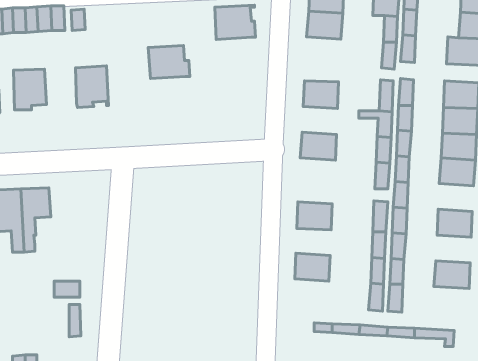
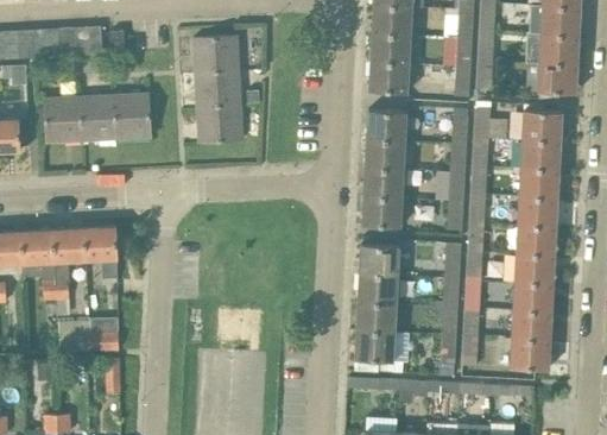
building: [215,5,256,39] -> [192,36,238,74]
building: none -> [368,62,407,94]
building: none -> [78,96,114,141]
building: none -> [196,106,241,143]
building: none -> [365,139,404,170]
building: none -> [361,196,401,228]
building: none -> [516,225,555,256]
building: none -> [83,227,118,279]
building: none -> [358,275,397,304]
building: none -> [513,282,552,313]
building: none -> [354,330,394,363]
building: none -> [510,339,550,370]

